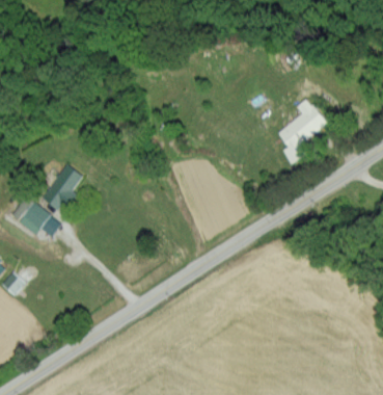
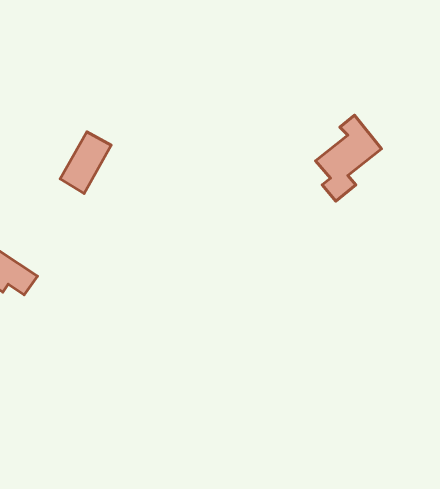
building: [44,164,83,212] -> [60,132,111,194]

